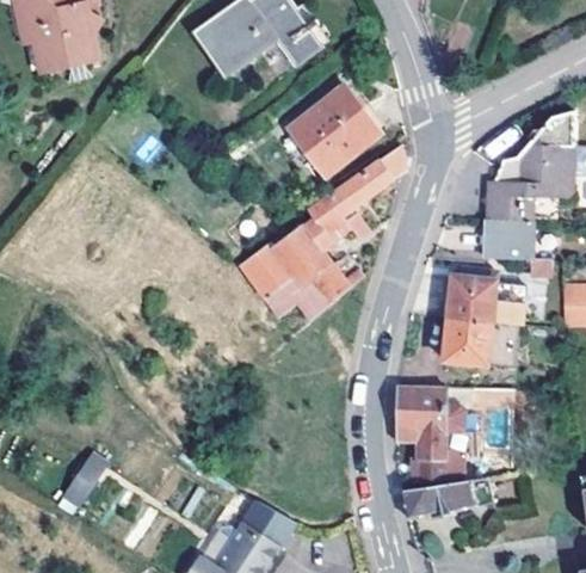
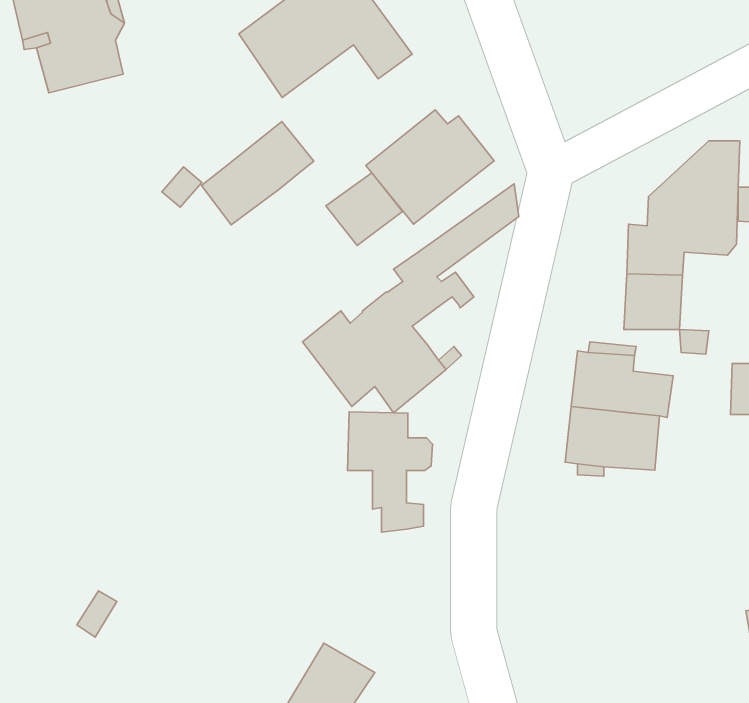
building: none -> [201,121,314,225]
building: none -> [326,173,402,245]
building: [397,386,463,479] -> [348,412,433,532]
building: [400,478,492,522] -> none

